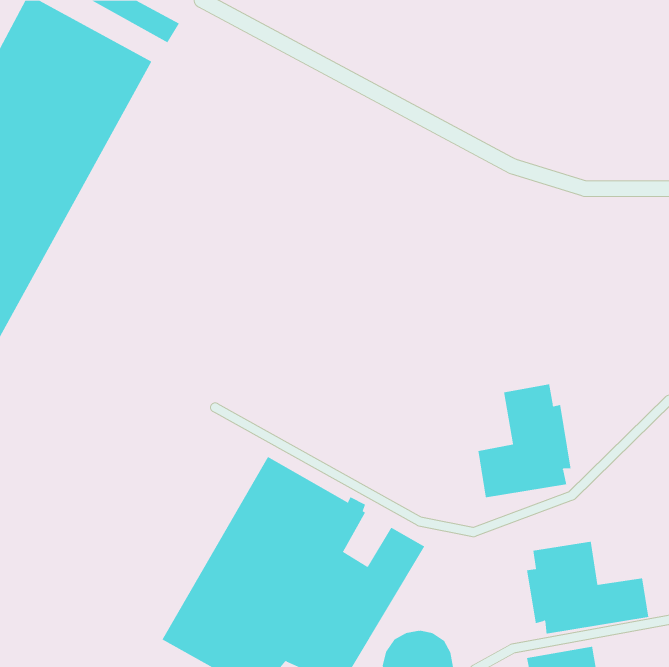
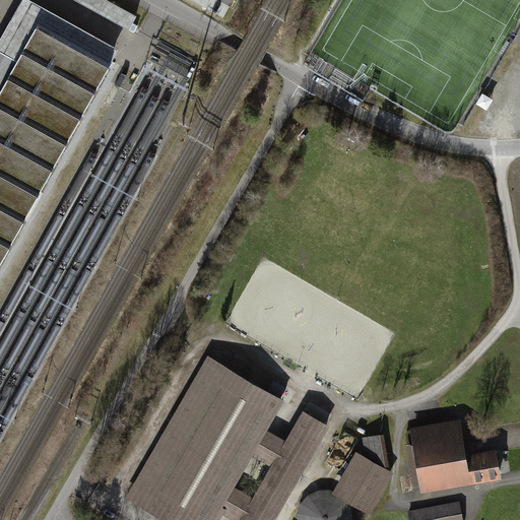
building: [478,384,571,498] -> none
building: none -> [335,437,390,511]

